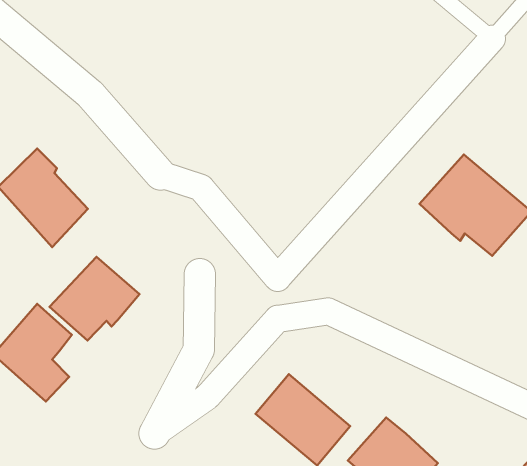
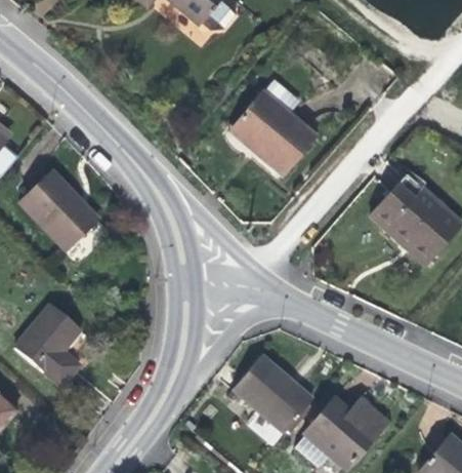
building: none -> [227,76,314,173]
building: [49,257,139,340] -> none

